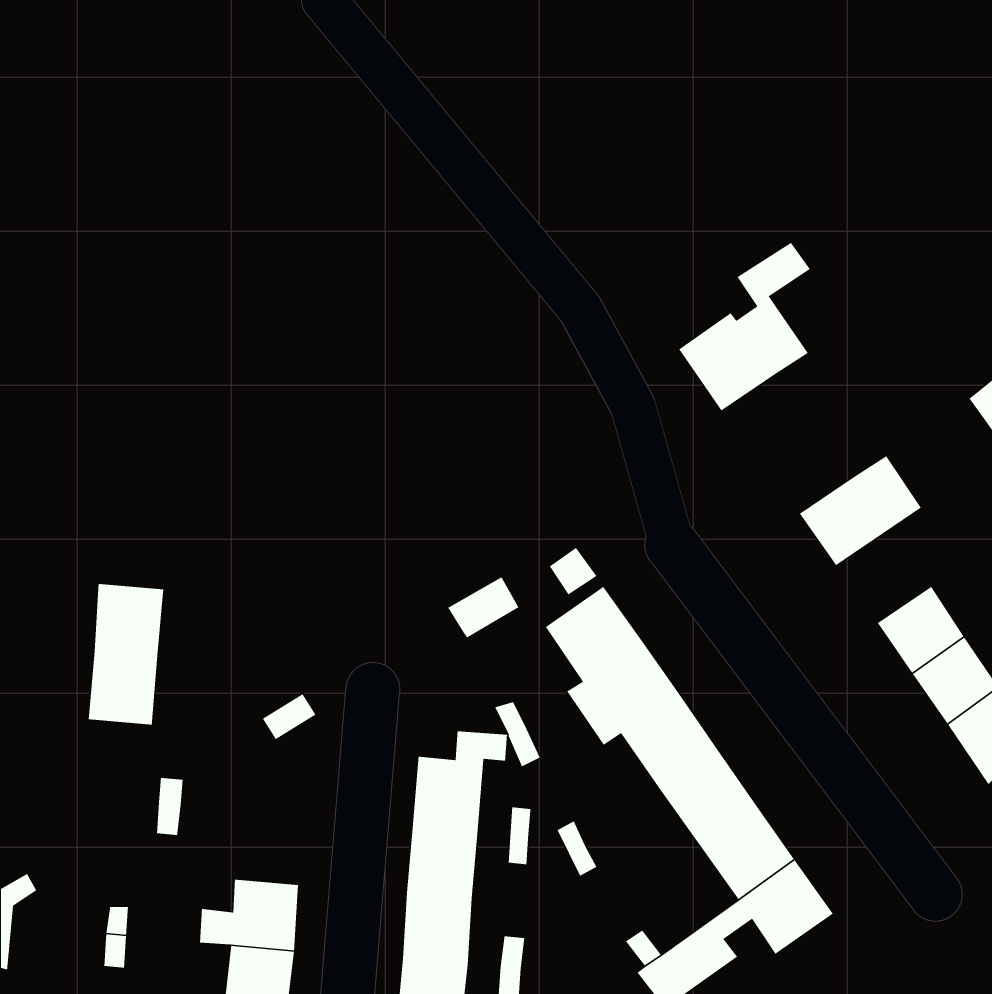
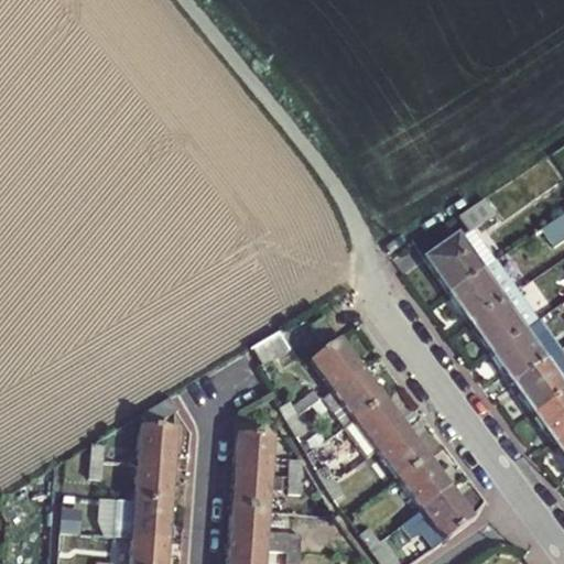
building: [678,242,811,412] -> [430,196,505,292]
building: none -> [475,289,545,354]
building: [88,583,164,726] -> [135,421,178,501]

